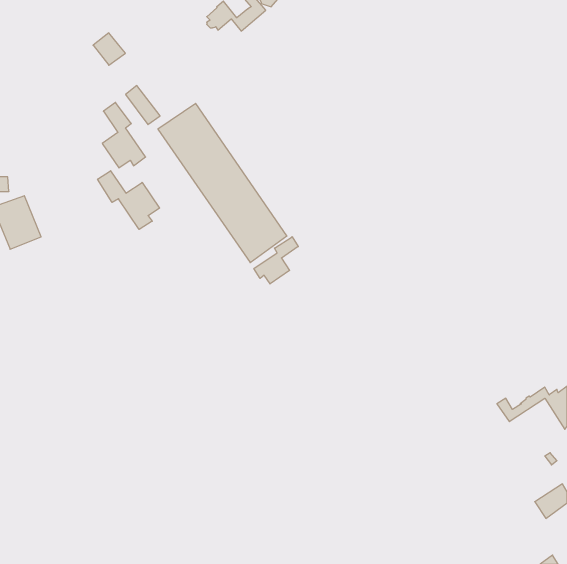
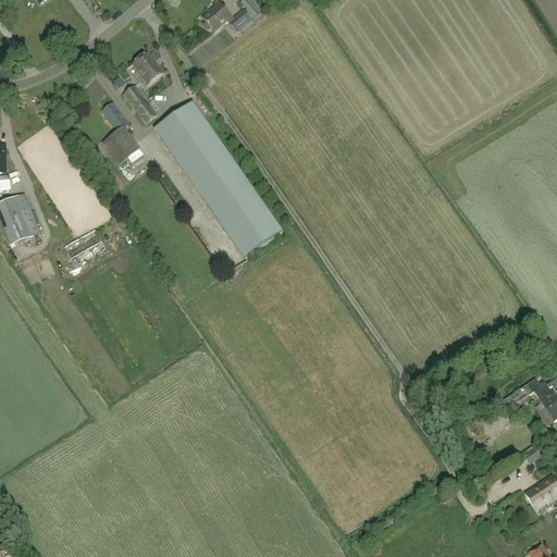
building: [93,33,125,65] -> [132,51,163,83]
building: [98,171,160,229] -> none
building: [254,237,298,284] -> none

